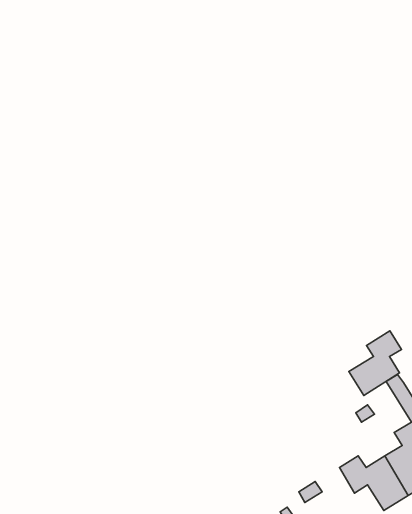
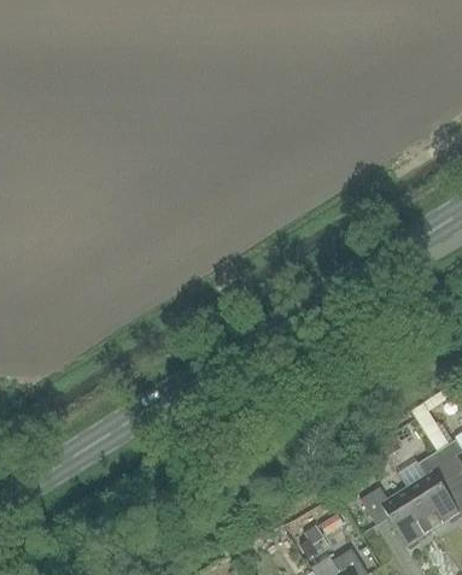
building: [349,331,401,395] -> none

